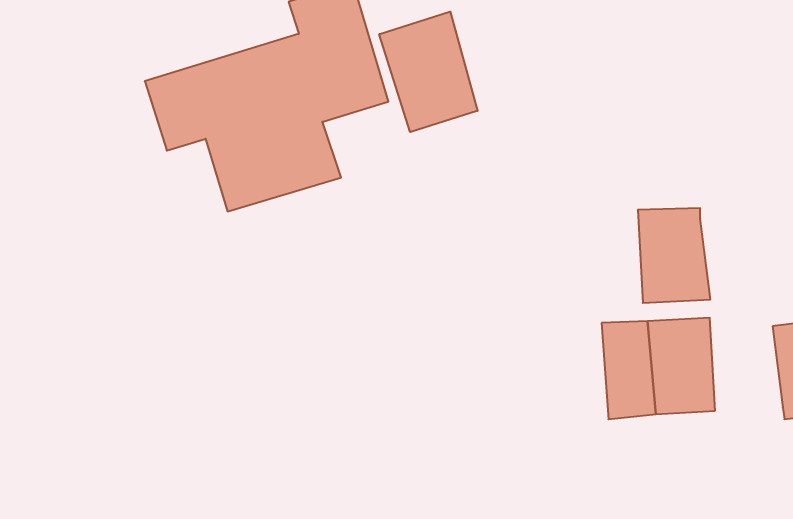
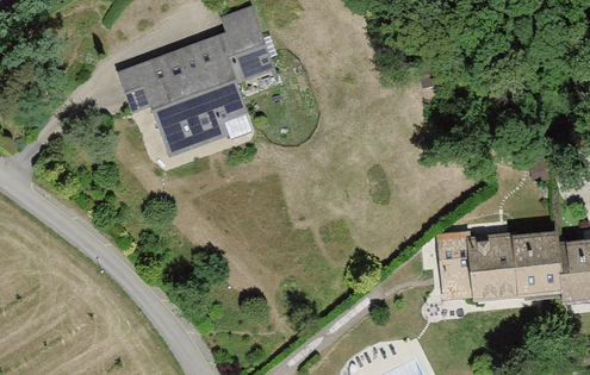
building: [379,12,478,132] -> none
building: [638,208,710,303] -> [511,231,563,298]

